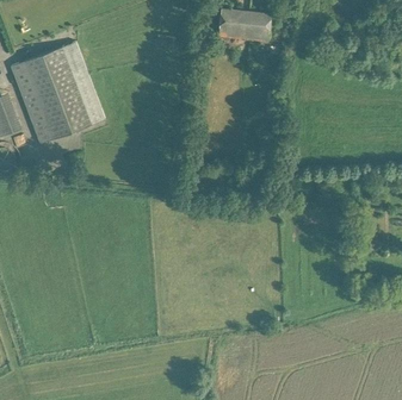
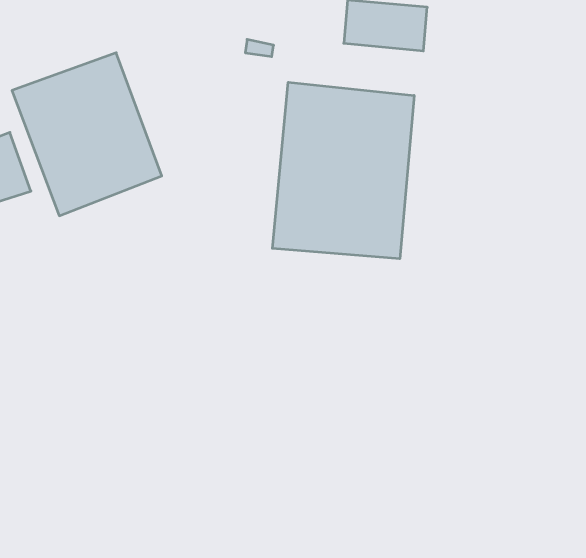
building: none -> [272,82,414,259]

